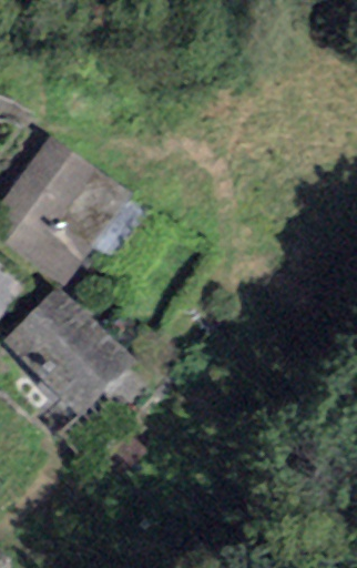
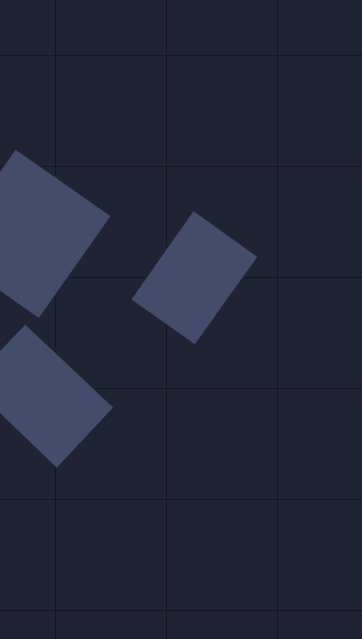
building: none -> [130,210,258,345]

